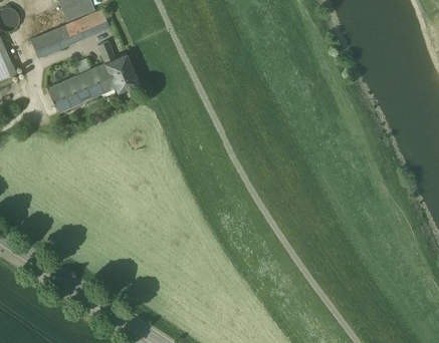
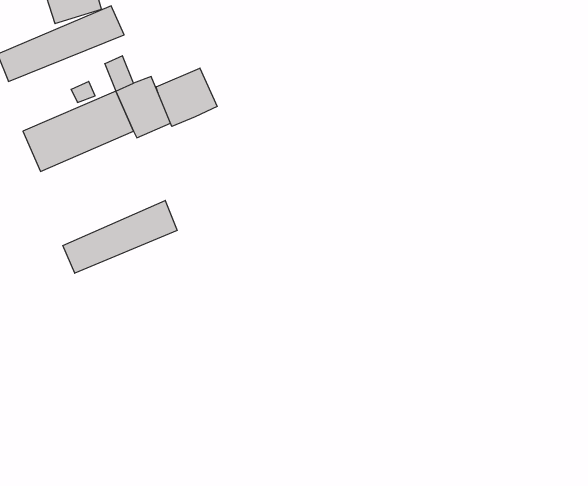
building: none -> [156,68,217,126]
building: none -> [63,200,177,273]

